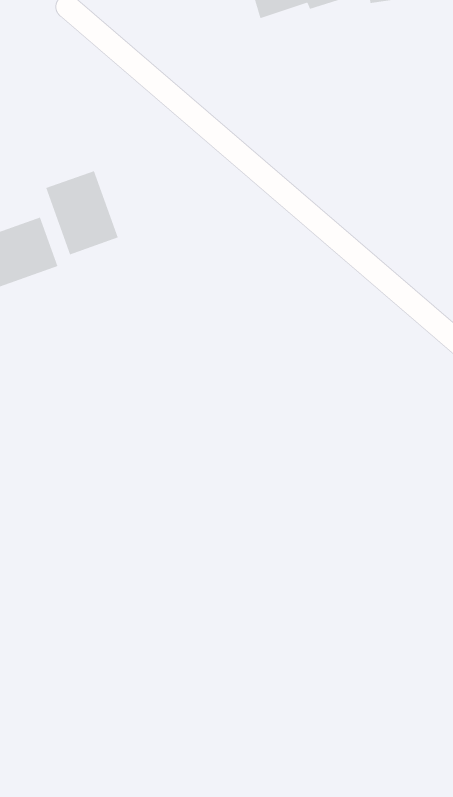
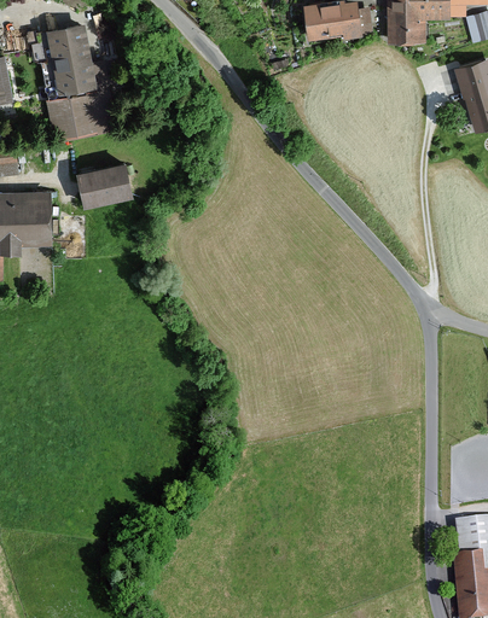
building: [45,170,119,255] -> none

